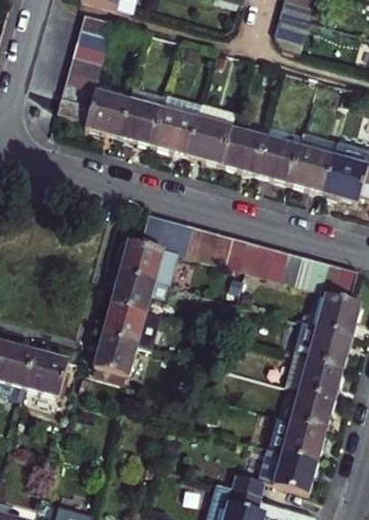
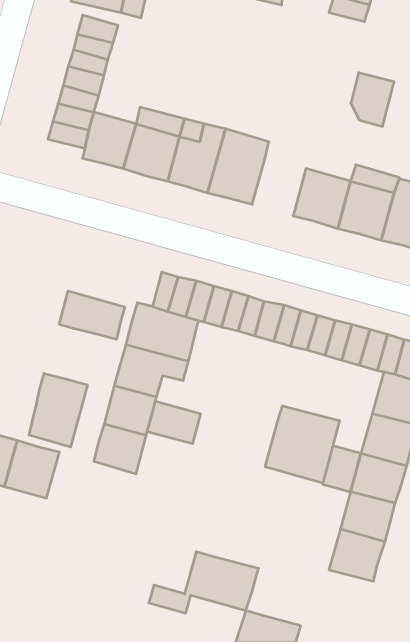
building: [274,10,309,53] -> [351,73,394,126]
building: [220,126,262,172] -> none
building: none -> [59,291,125,339]
building: none -> [29,373,87,447]
building: none -> [147,401,200,444]
building: none -> [265,406,339,483]
building: [229,449,316,498] -> [149,552,259,613]

